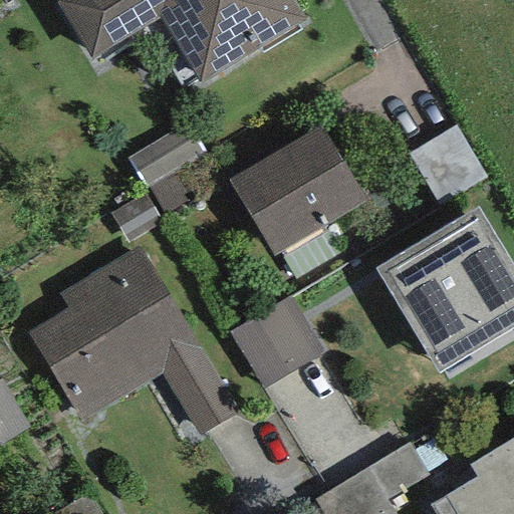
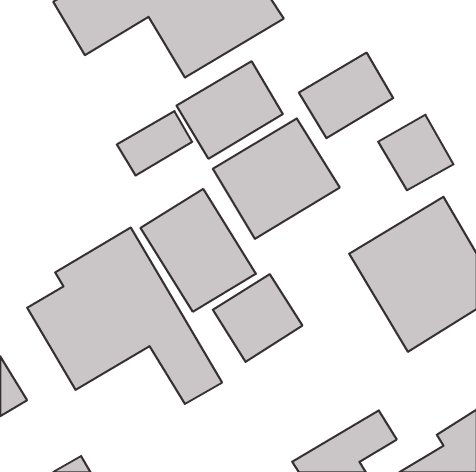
building: none -> [299,53,393,138]
building: none -> [177,61,283,159]
building: none -> [141,189,256,312]

